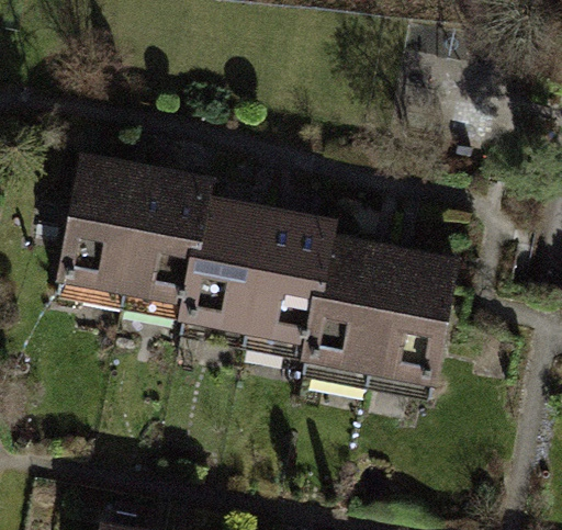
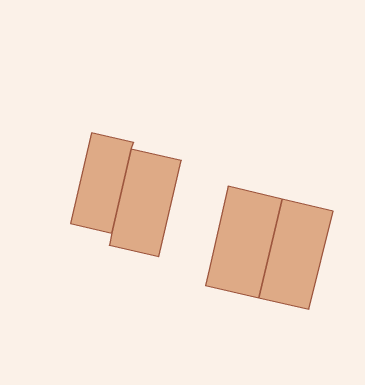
building: [54,166,149,305] -> none
building: [240,219,340,367] -> none

